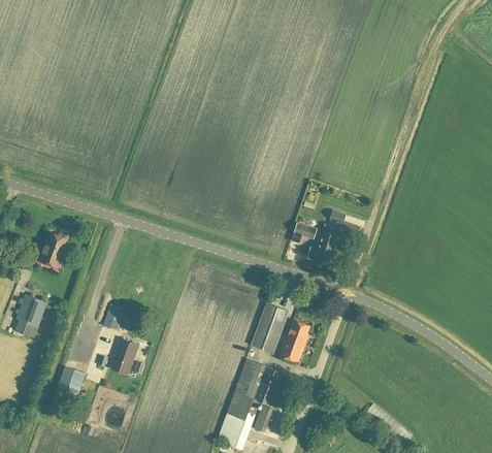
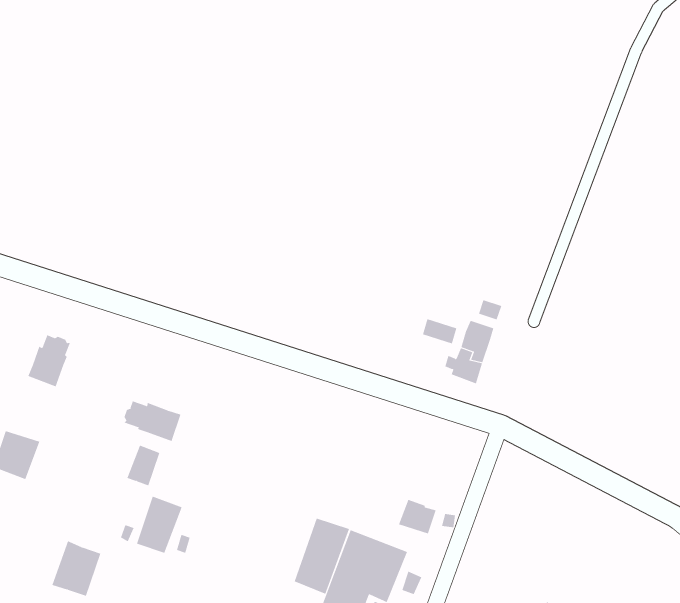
building: none -> [124,401,181,442]
building: [251,303,287,353] -> [294,518,350,594]
building: [284,320,308,347] -> none

